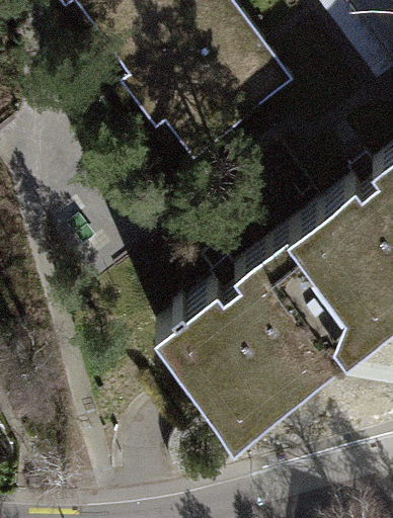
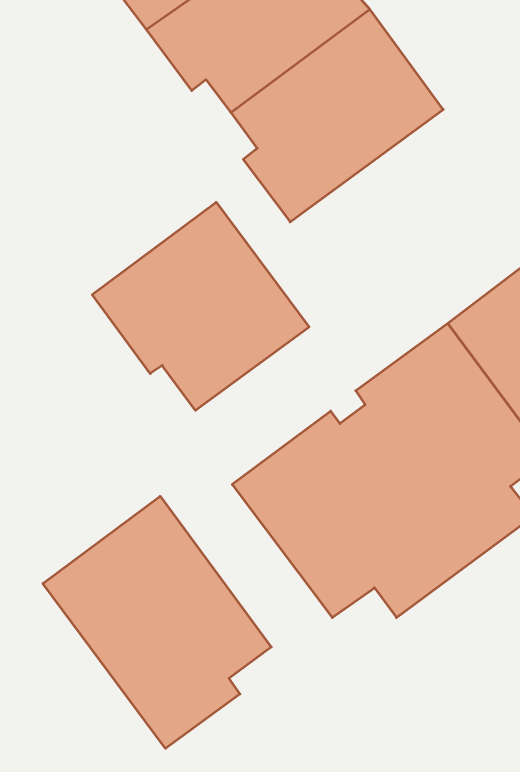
building: none -> [92,202,309,410]
building: none -> [43,496,271,748]

